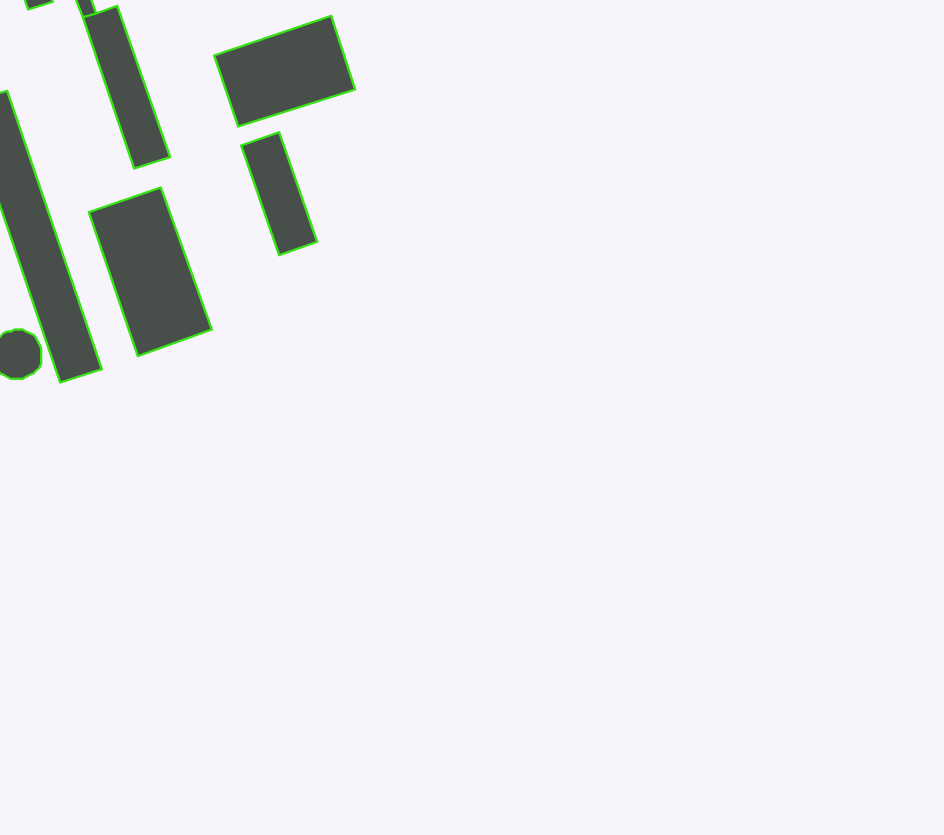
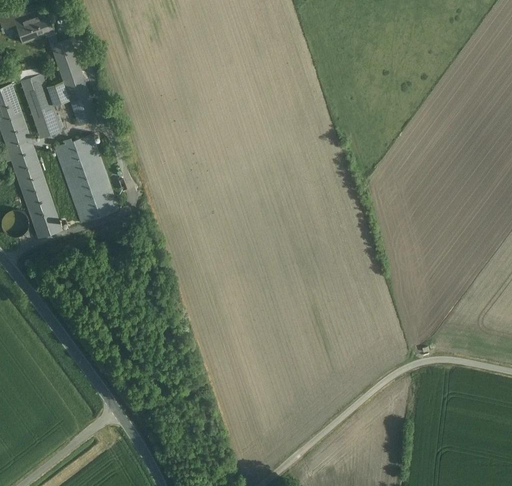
building: [214,16,355,126] -> none
building: [241,132,317,255] -> [19,74,59,139]

